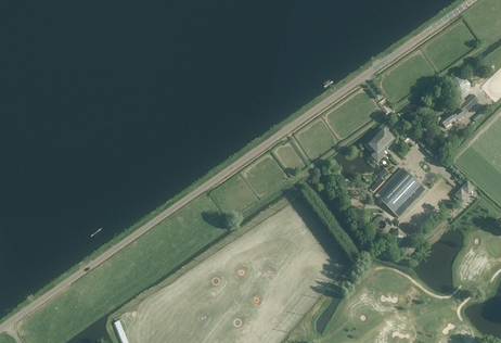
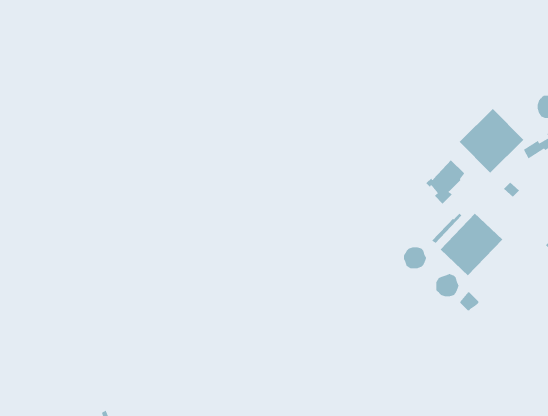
building: none -> [459,108,524,174]

